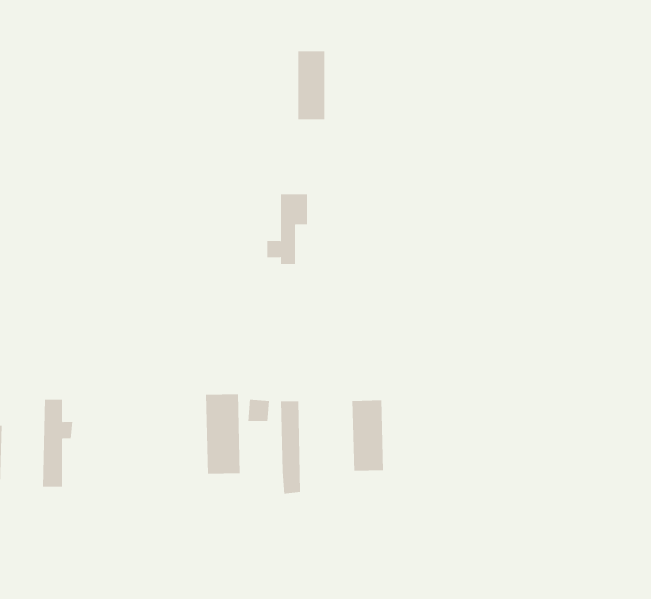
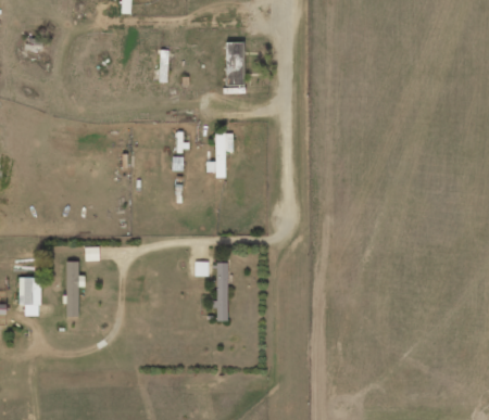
building: [206,393,240,475] -> none
building: [352,400,384,471] -> none

